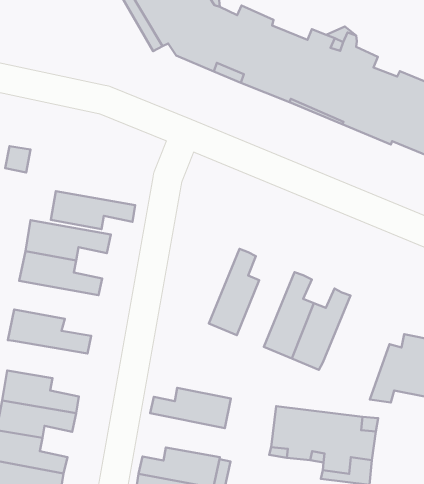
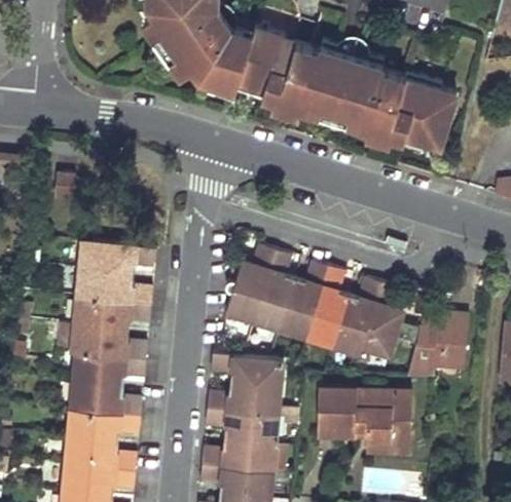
building: [51,191,135,229] -> [73,300,149,331]
building: none -> [225,246,275,322]
building: none -> [280,263,327,339]
building: none -> [361,284,402,356]
building: none -> [72,355,144,386]
building: none -> [211,354,283,389]
building: none -> [206,410,277,443]

